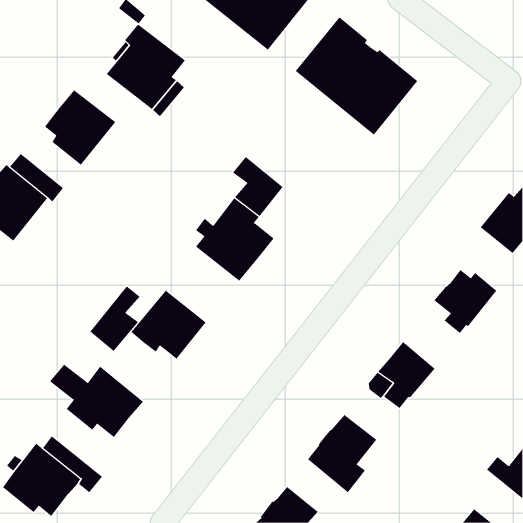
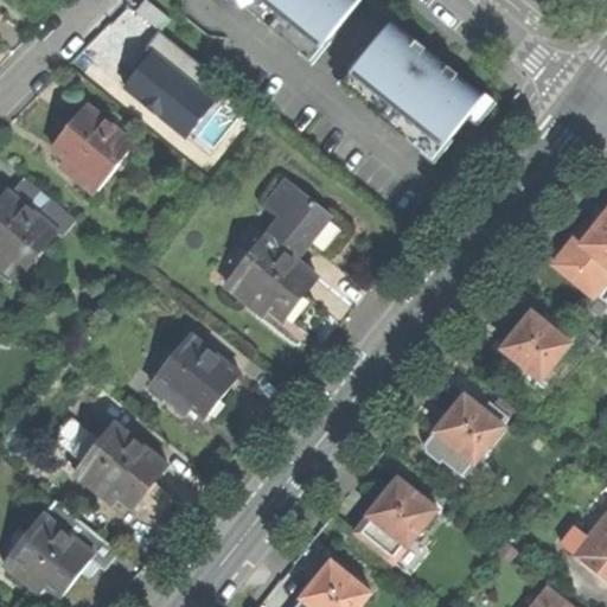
building: [89,286,140,352] -> none

